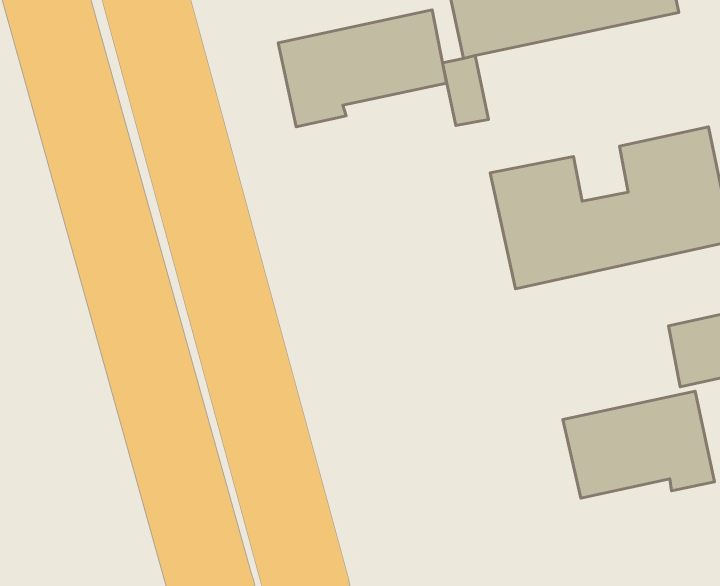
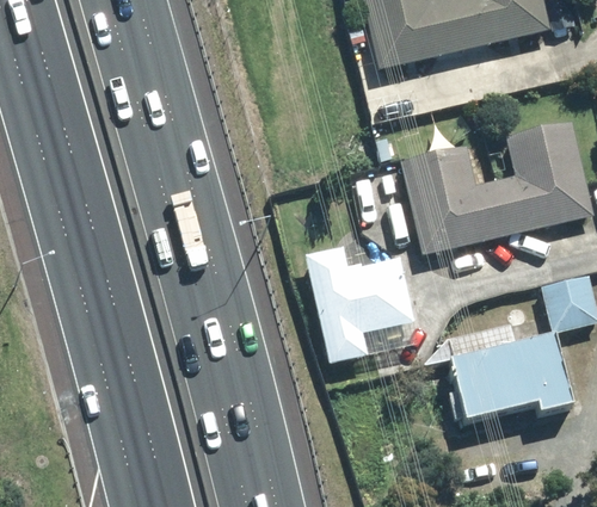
building: [278,10,447,127] -> none
building: none -> [301,245,414,364]

